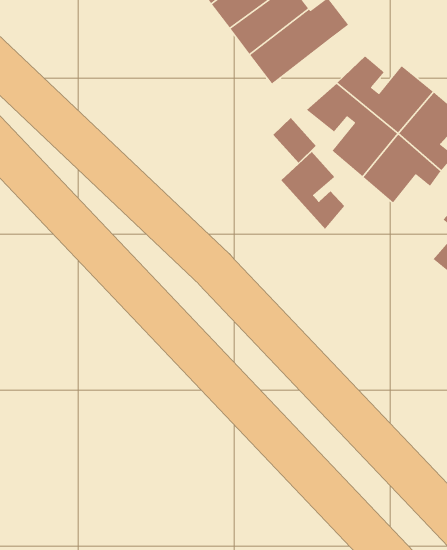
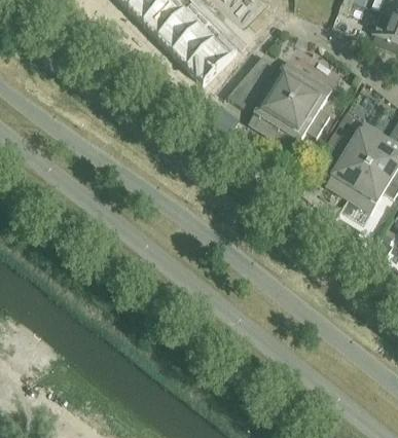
building: [281,151,345,230] -> none

